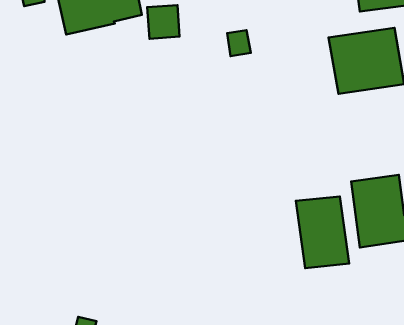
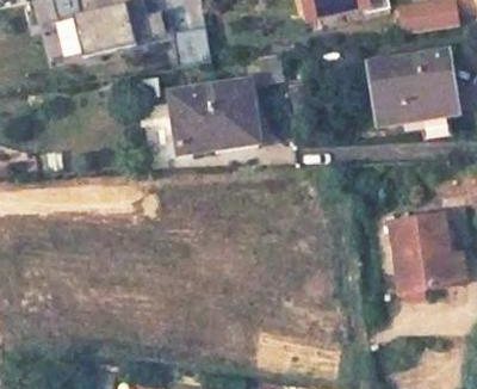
building: none -> [172,81,259,147]
building: [296,196,349,268] -> none

